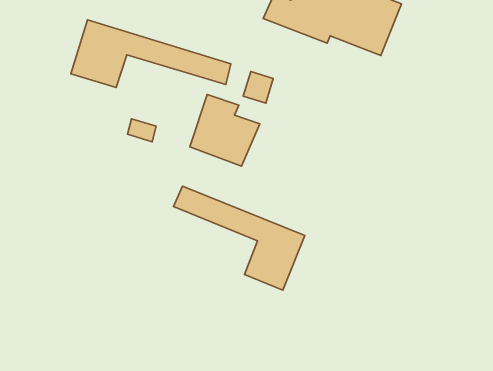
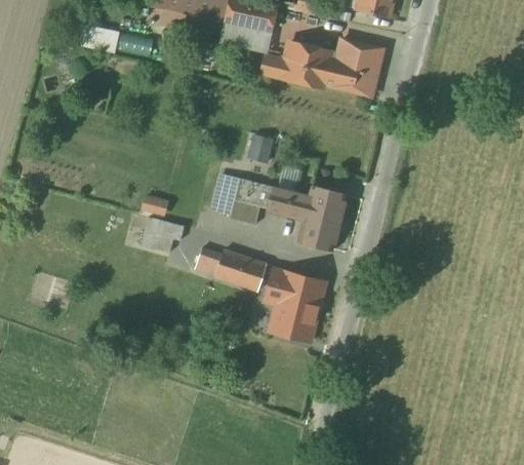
building: [71,20,231,88] -> none
building: none -> [270,186,346,251]
building: none -> [142,216,184,250]

